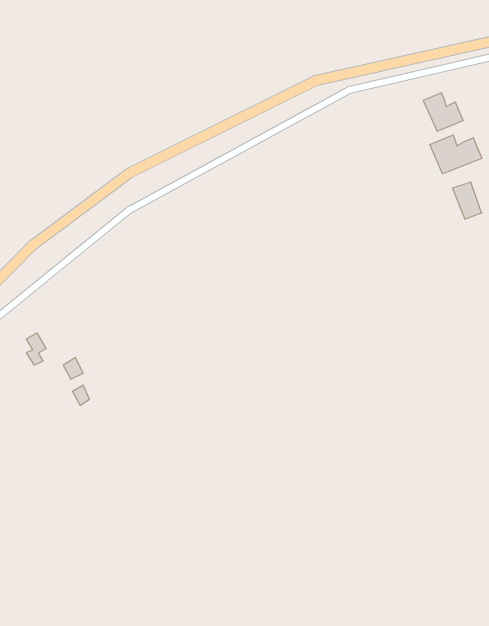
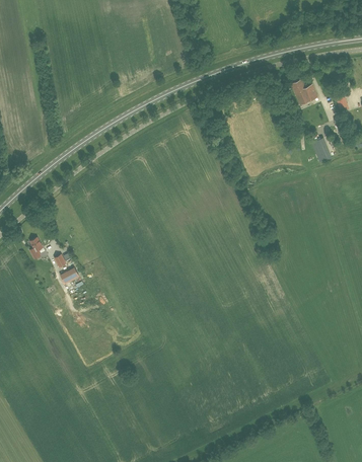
building: [430,135,482,174] -> none

